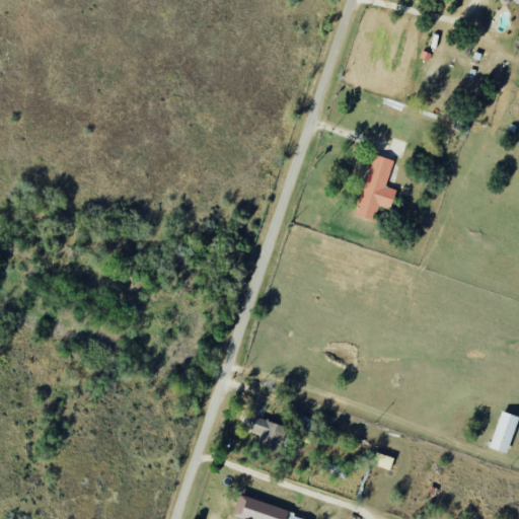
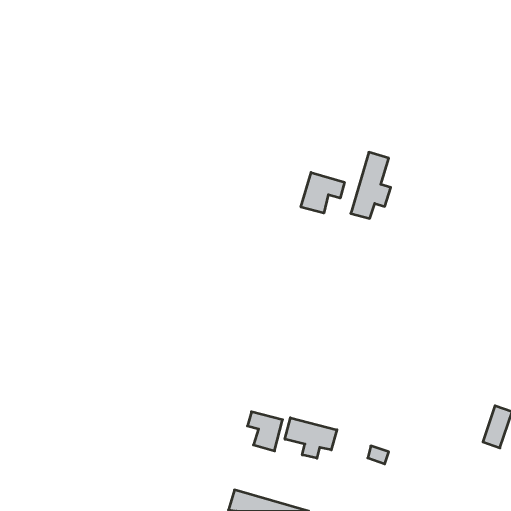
building: none -> [301,172,344,213]
building: none -> [285,418,337,458]

